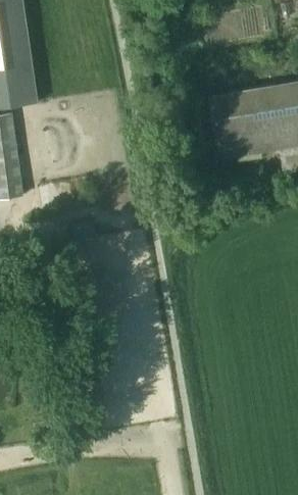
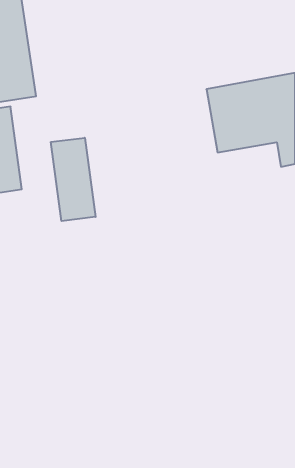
building: none -> [51,138,96,221]

